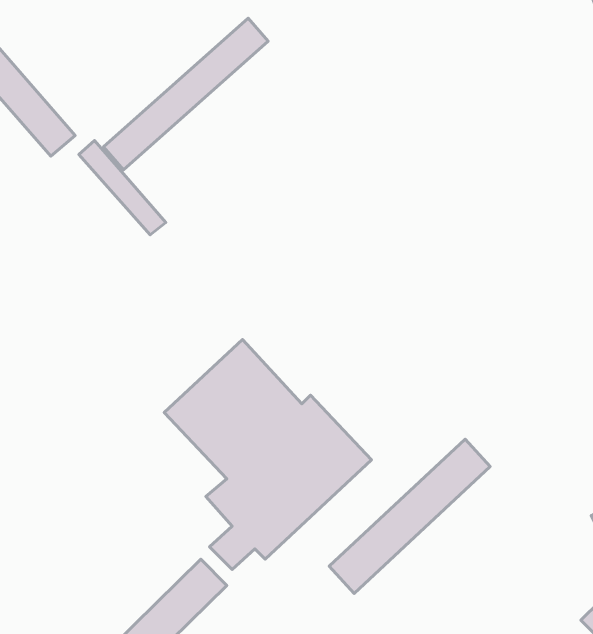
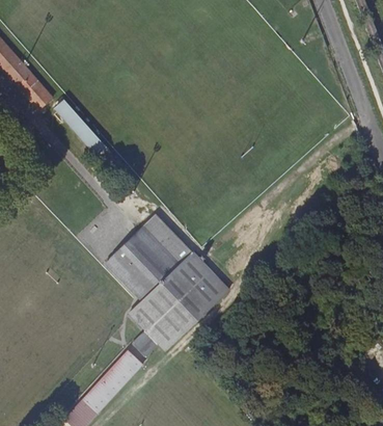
building: [103,18,268,170] -> none
building: [329,439,490,594] -> none

